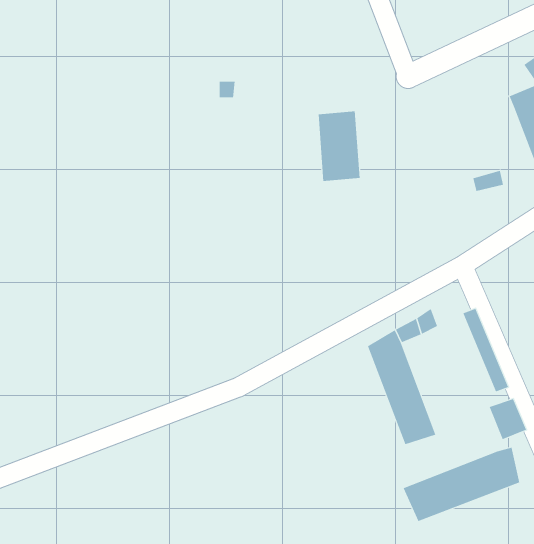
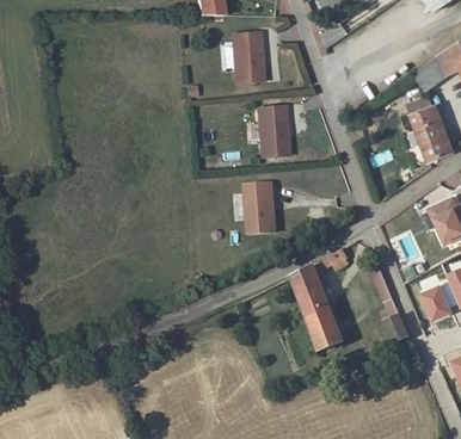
building: none -> [235,33,266,85]
building: none -> [248,184,281,235]
building: [403,447,520,522] -> none

